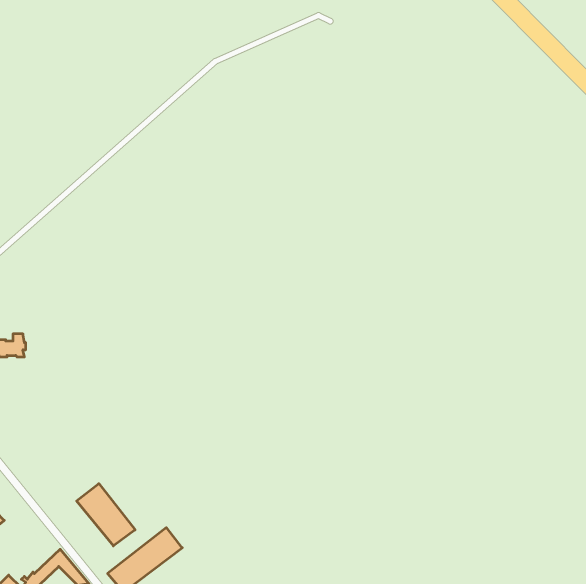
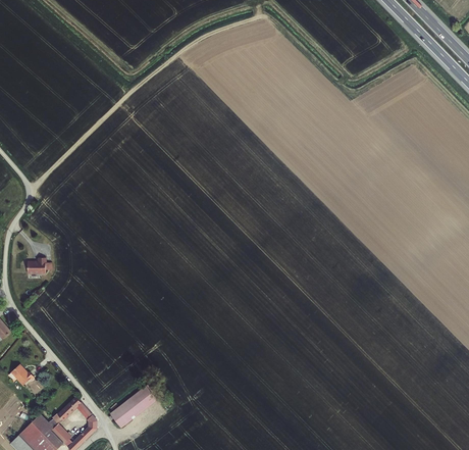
building: [77,484,135,546] -> none

